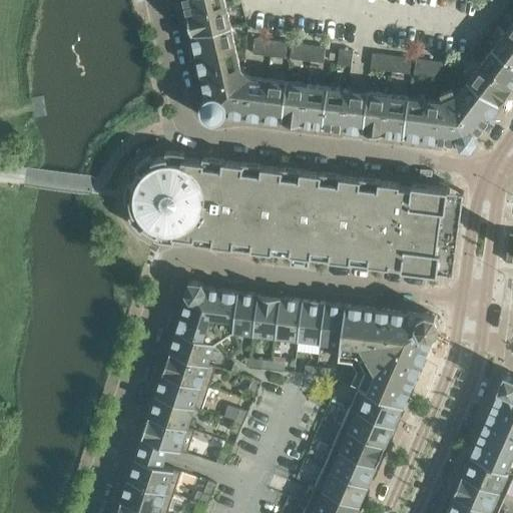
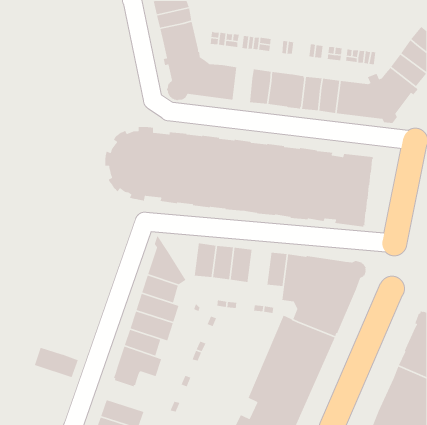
building: [280,83,304,126] -> none
building: [188,284,237,339] -> none
building: [298,302,325,345] -> none
building: [127,457,181,496] -> [34,345,79,378]

